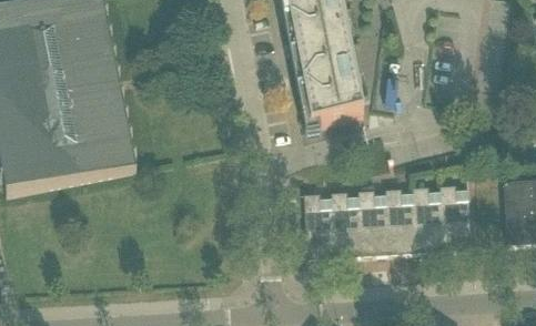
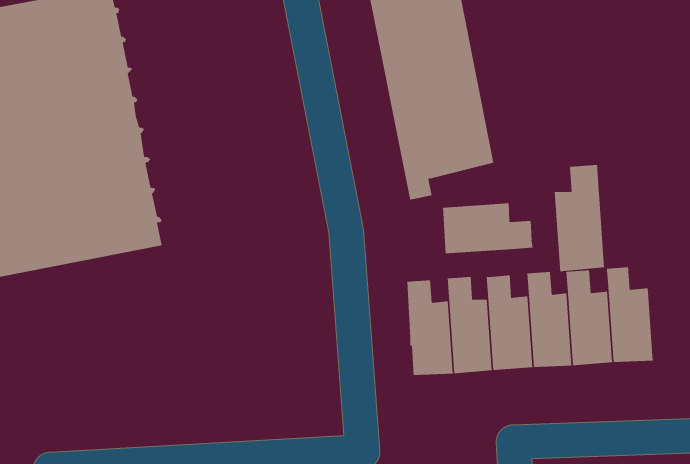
building: none -> [554,164,605,272]
building: none -> [443,202,533,254]

